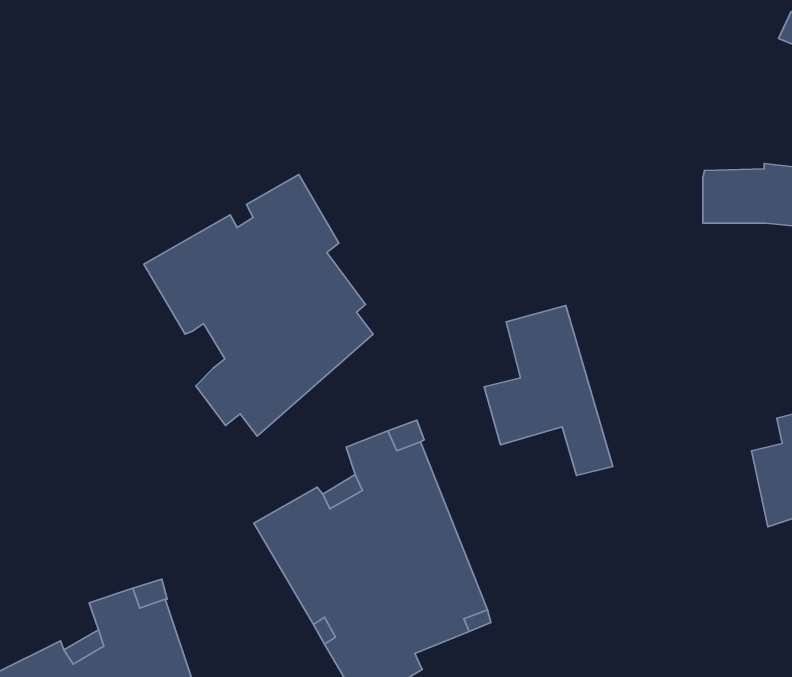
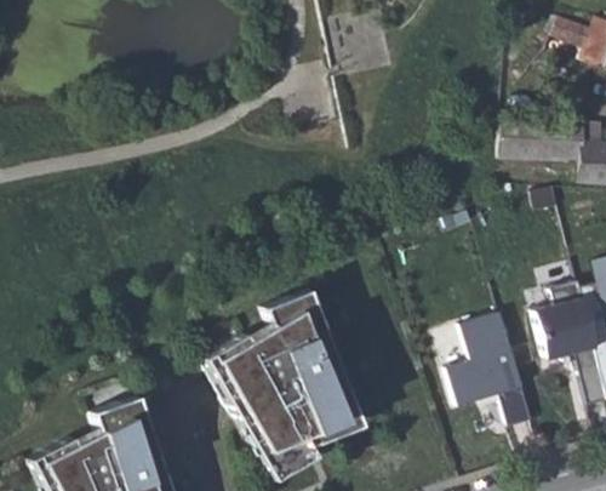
building: [144,174,373,436] -> none
building: [484,306,613,476] -> [448,315,534,429]

